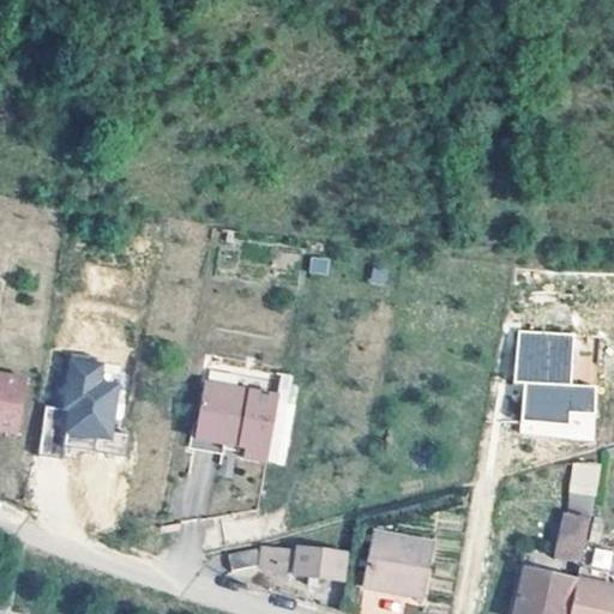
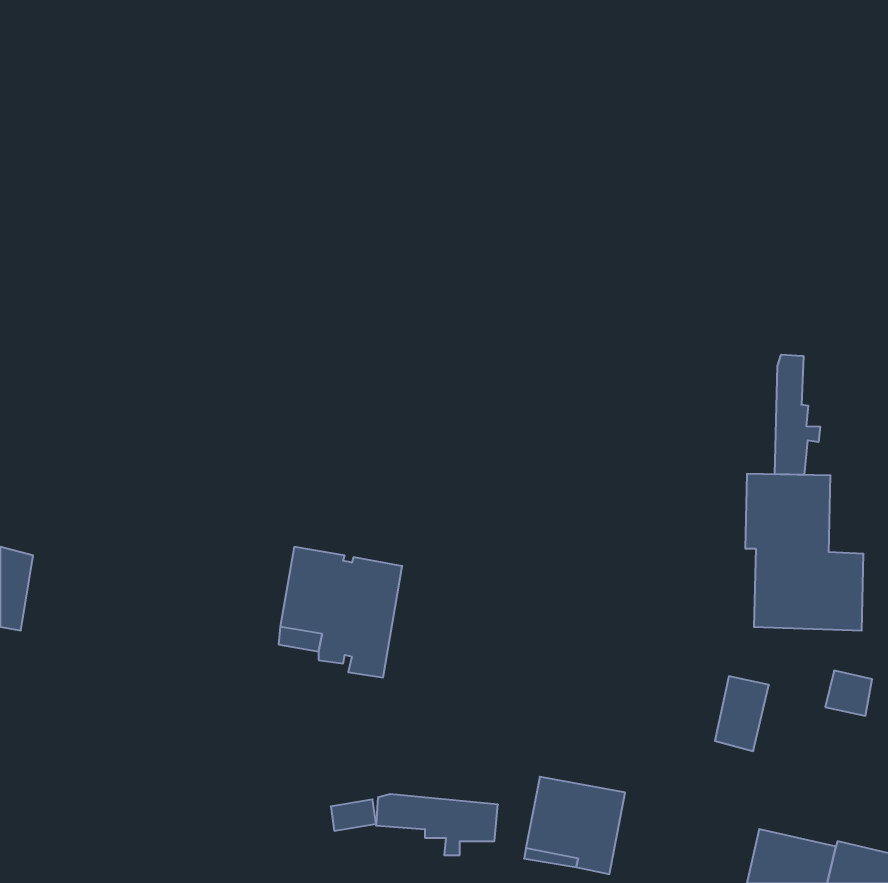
building: none -> [775,355,820,475]
building: [41,350,121,452] -> none
building: [554,513,591,565] -> [715,676,769,751]

